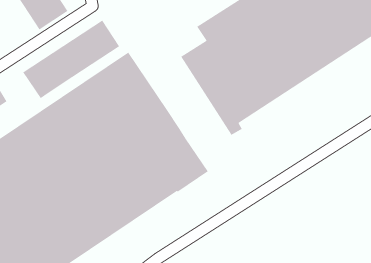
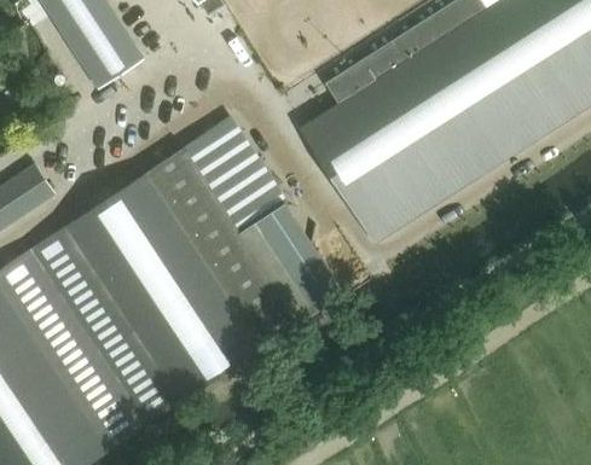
building: [22,20,120,99] -> none

